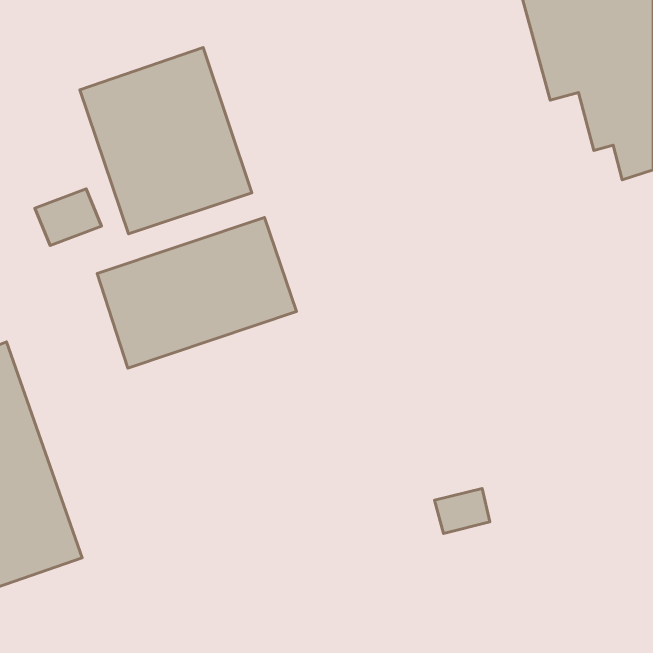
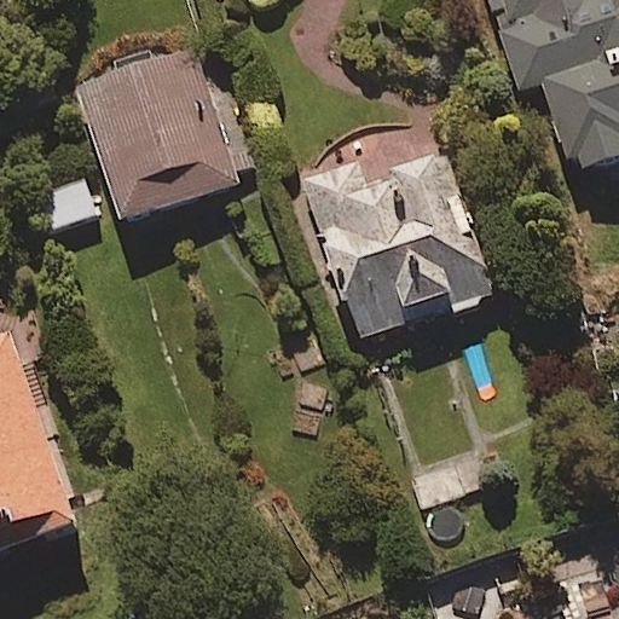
building: none -> [303,152,494,339]
building: [97,218,297,368] -> none

